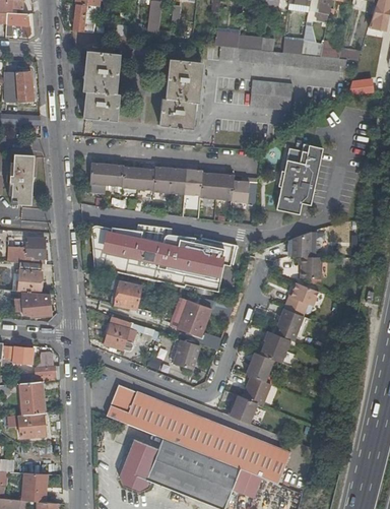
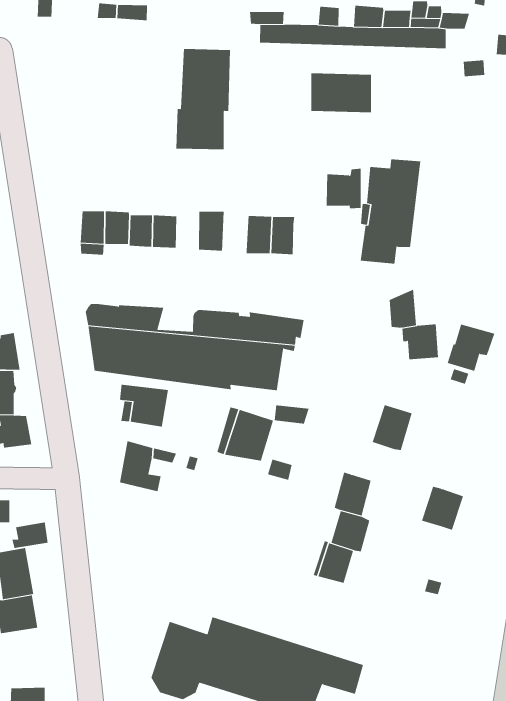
building: [85,51,121,120] -> none
building: [155,167,172,193] -> none
building: [186,169,204,196] -> none
building: [233,179,258,205] -> [326,168,361,209]
building: [285,279,319,312] -> [447,324,495,372]
building: [260,327,289,358] -> [421,486,464,531]
building: [173,338,201,368] -> none
building: [106,384,289,483] -> none

